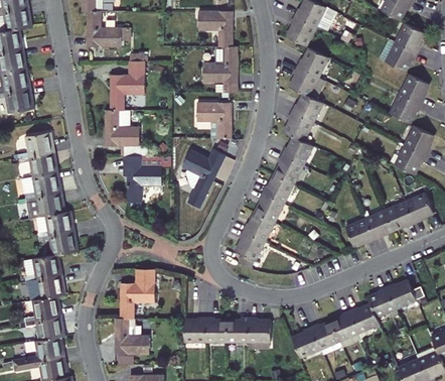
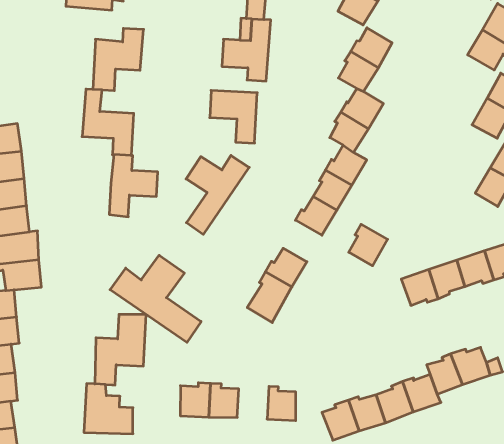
building: [255,194,283,224] -> [349,224,388,266]
building: none -> [110,255,201,342]
building: [228,318,250,342] -> none

